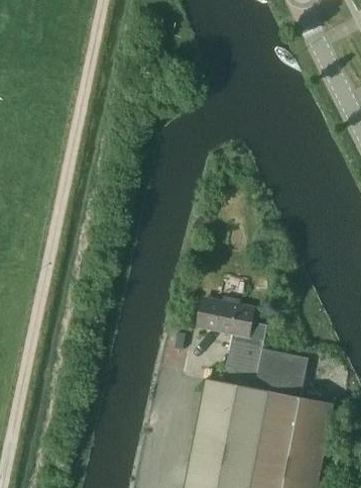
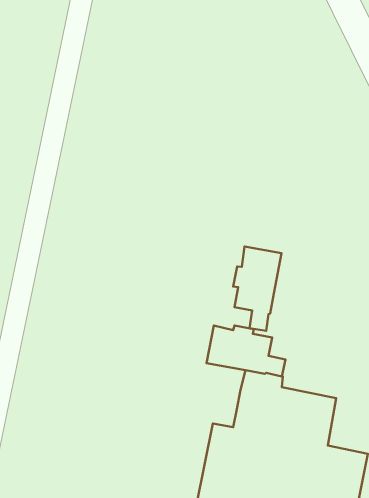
building: none -> [233,246,282,331]

